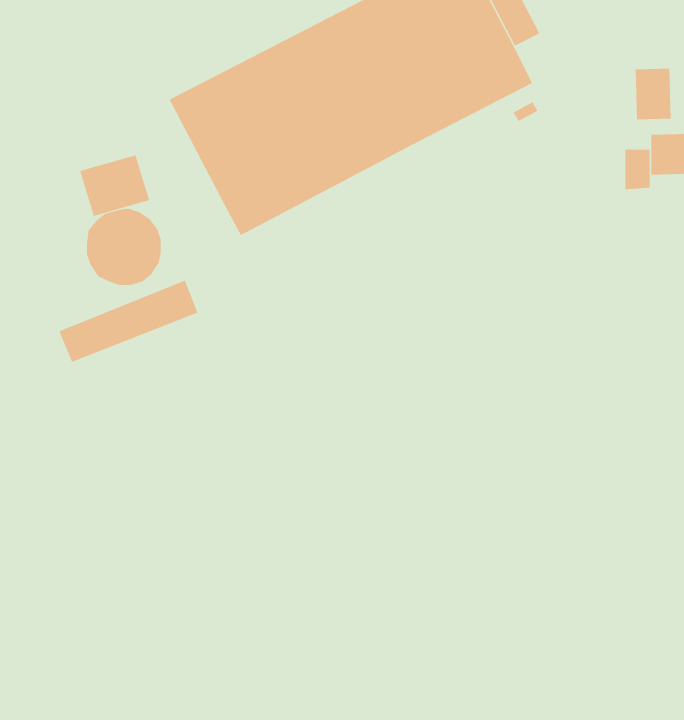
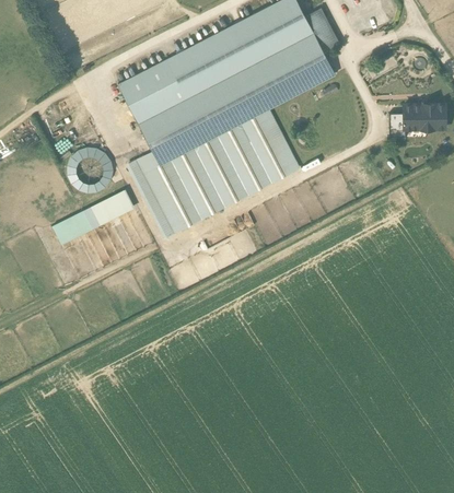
building: [635,68,671,120] -> none
building: none -> [129,109,298,237]
building: [79,154,150,217] -> none

